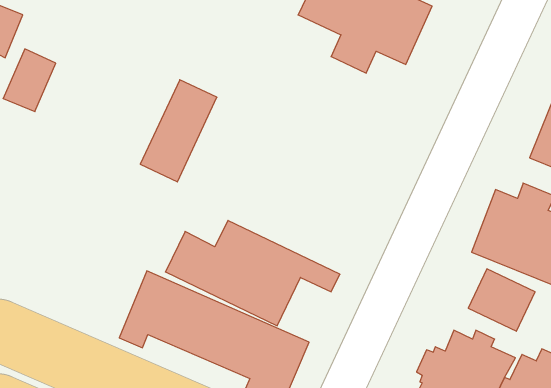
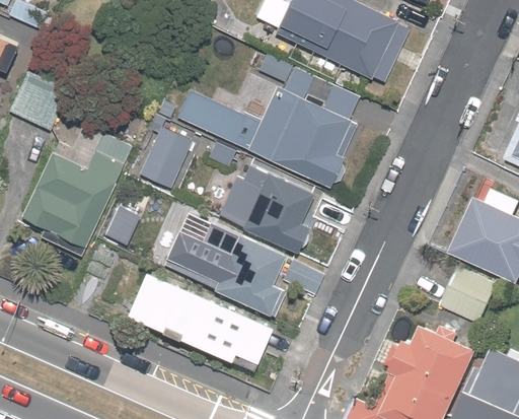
building: none -> [207,61,371,190]
building: none -> [18,128,135,247]
building: none -> [219,160,329,254]

